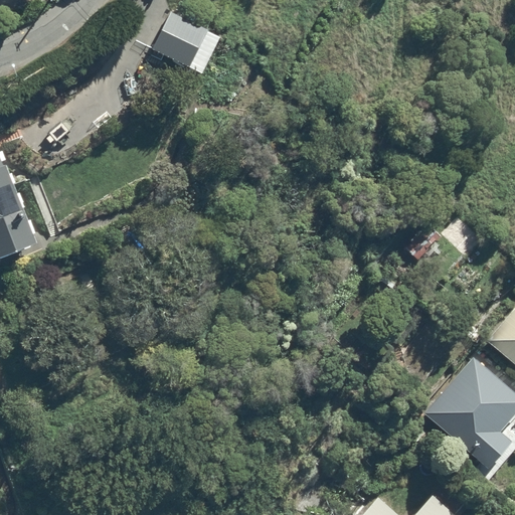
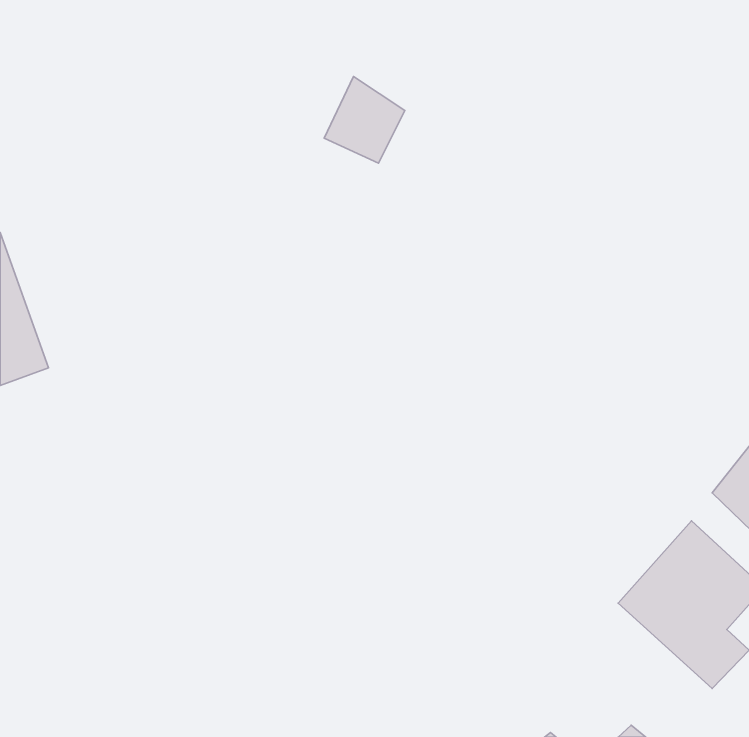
building: [152,7,207,66] -> [324,77,405,163]

